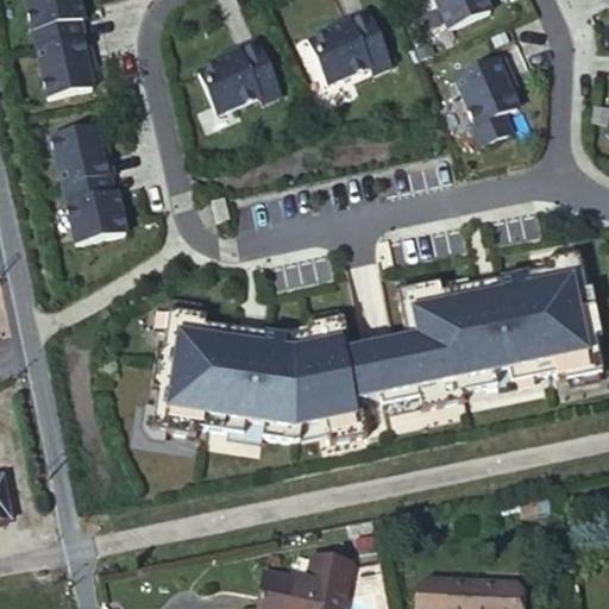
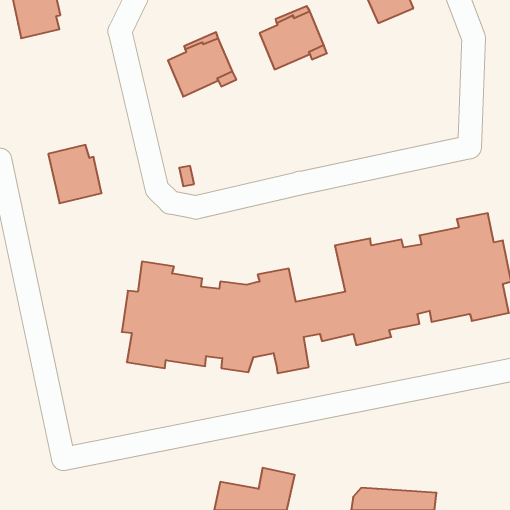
building: [30,33,87,95] -> none
building: [457,57,519,144] -> none
building: [50,120,112,182] -> none

